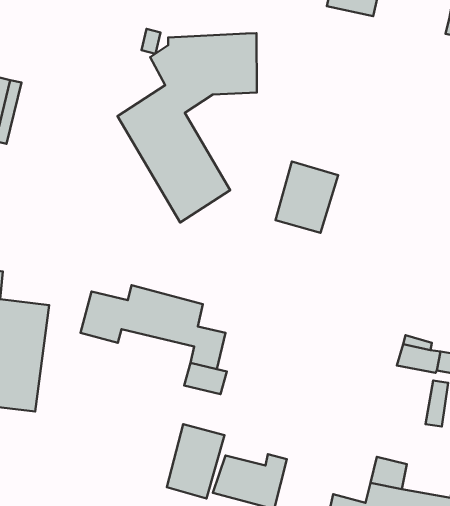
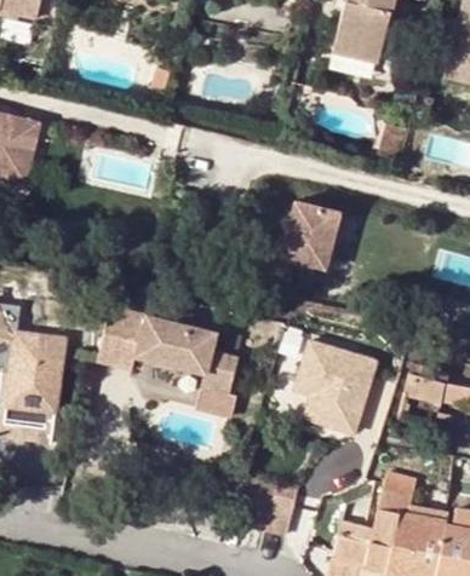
building: [118,33,257,222] -> none
building: none -> [290,335,377,433]
building: [167,424,225,499] -> none

